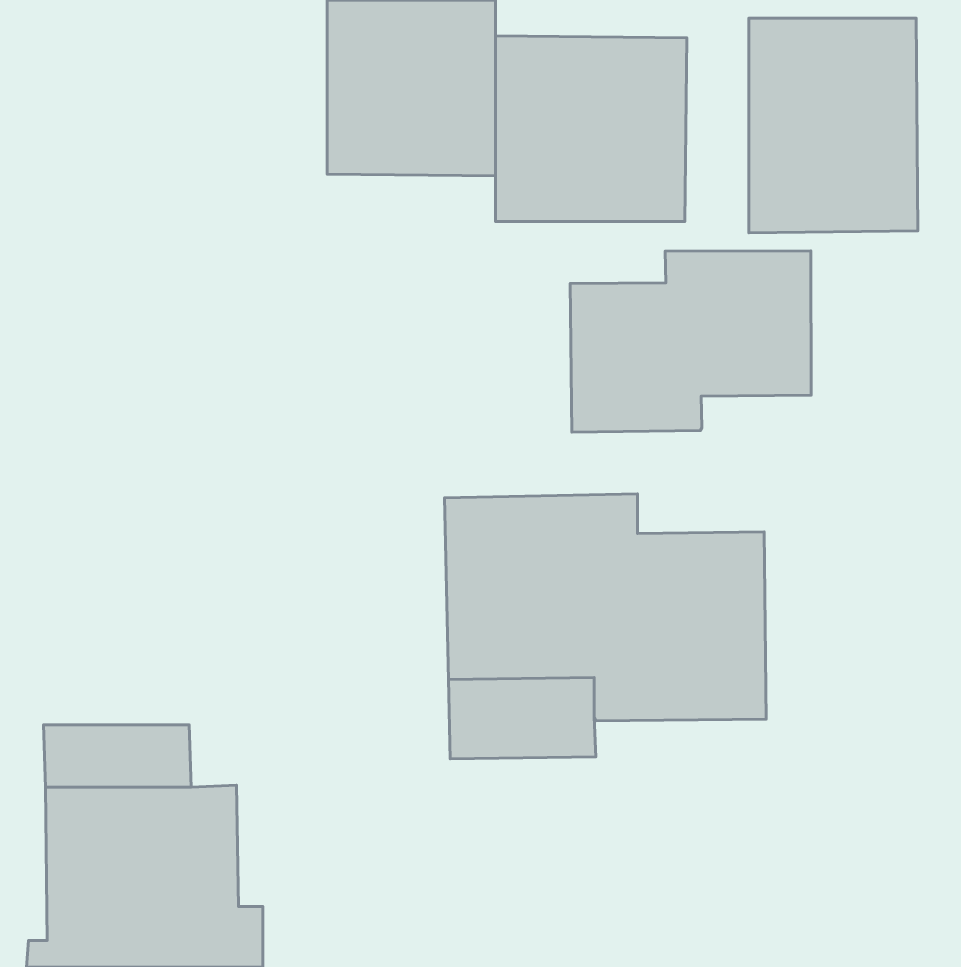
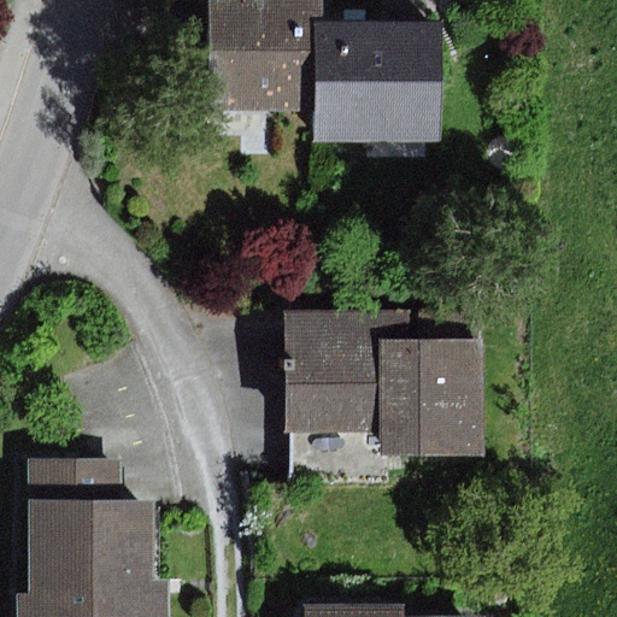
building: [749,18,918,233] -> none
building: [570,251,811,432] -> none

